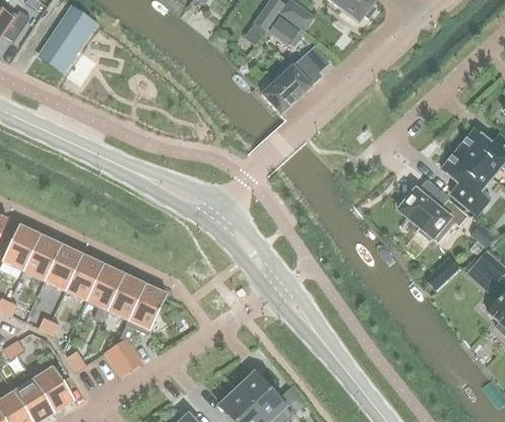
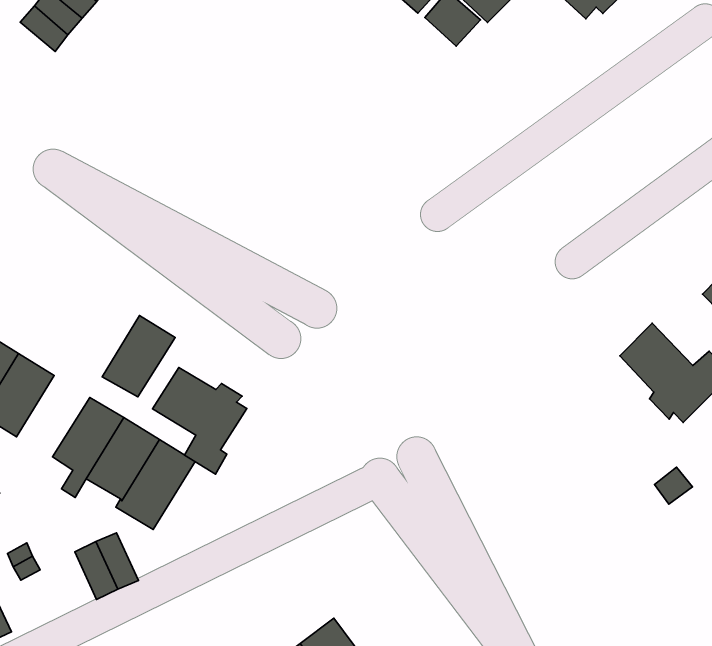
building: [259,56,319,115] -> none
building: none -> [153,368,247,474]
building: [64,254,103,299] -> [102,316,175,397]

